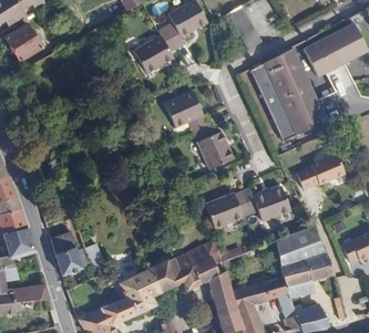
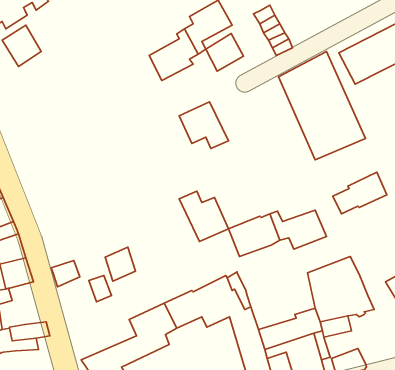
building: none -> [206,34,244,71]
building: [189,125,233,169] -> [179,191,228,241]
building: [54,244,81,274] -> [105,247,135,281]

